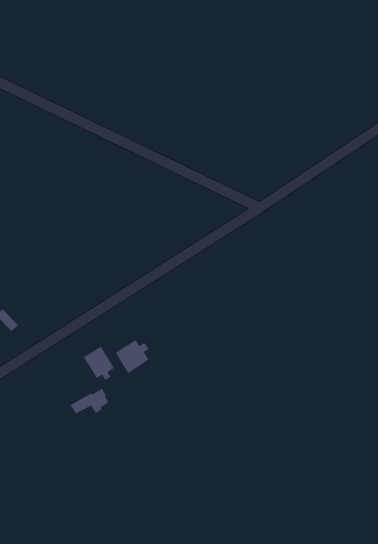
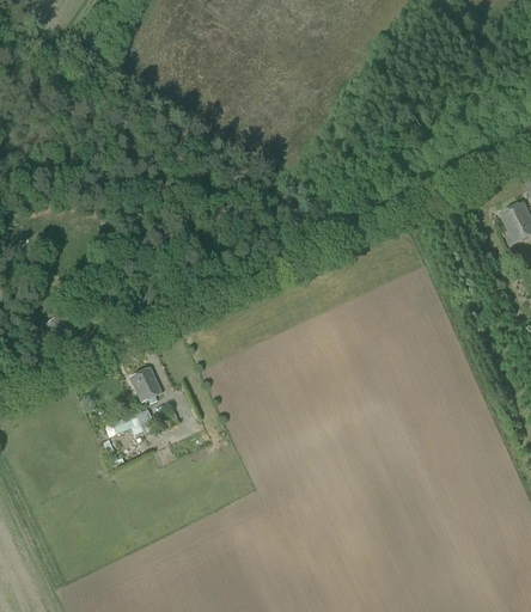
building: [115,339,150,374] -> none

